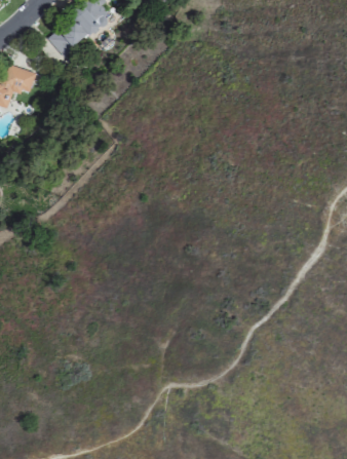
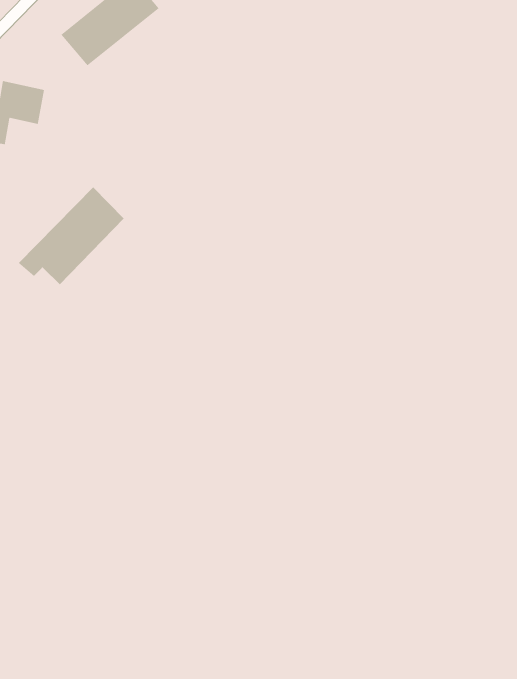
building: none -> [18,187,124,285]

